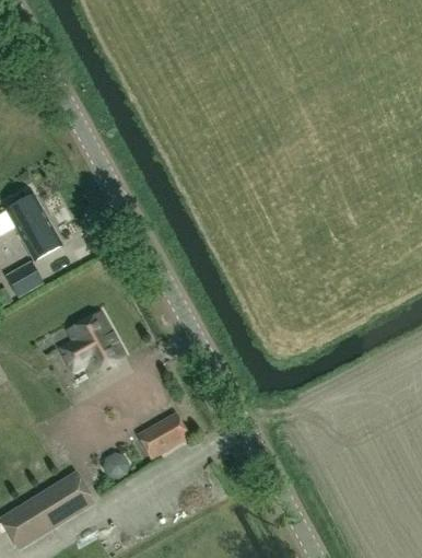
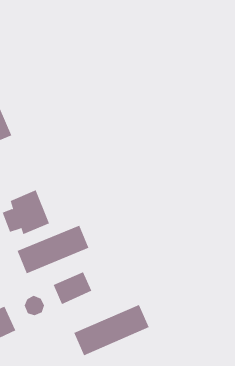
building: none -> [17,225,89,274]
building: none -> [74,304,149,356]

